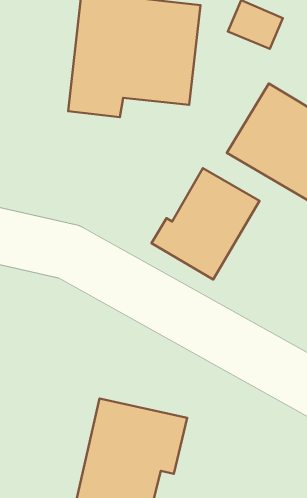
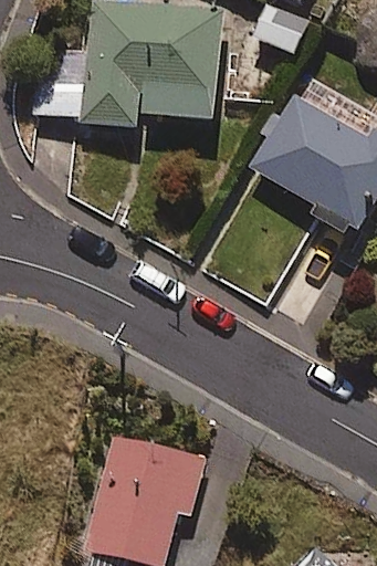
building: [152,168,260,280] -> none

